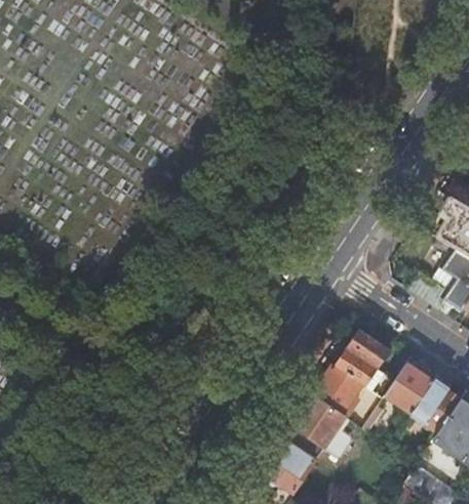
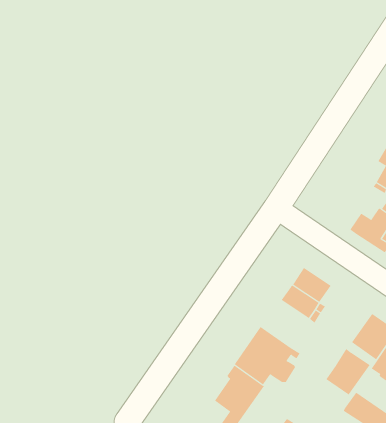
building: [386,361,435,412] -> [325,348,370,395]
building: [313,364,363,417] -> none

